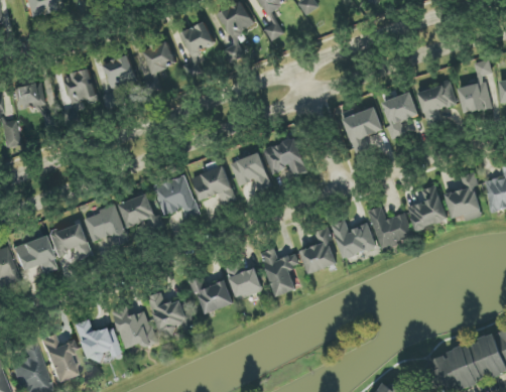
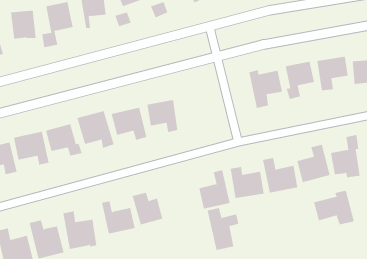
building: [262,136,308,175] -> none
building: none -> [314,190,355,225]
building: [260,247,298,296] -> [207,208,239,251]

